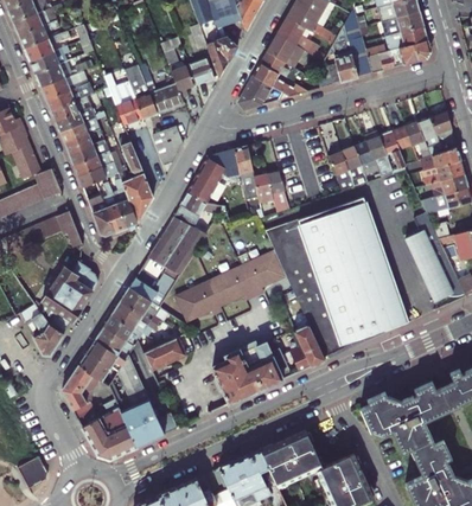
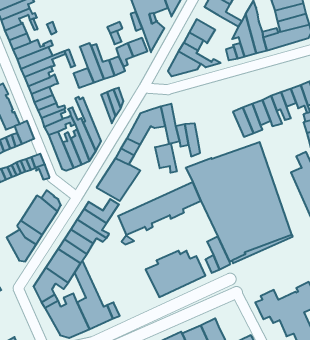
building: [279,17,320,55] -> none
building: none -> [155,143,177,173]
building: [142,337,185,370] -> none

